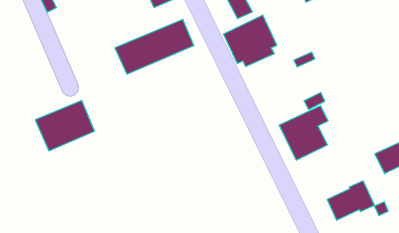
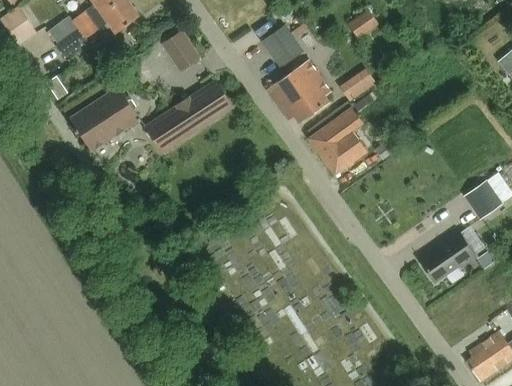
building: none -> [341,69,376,102]
building: [35,100,94,151] -> [69,87,140,152]
building: [279,106,328,160] -> [307,107,367,175]

